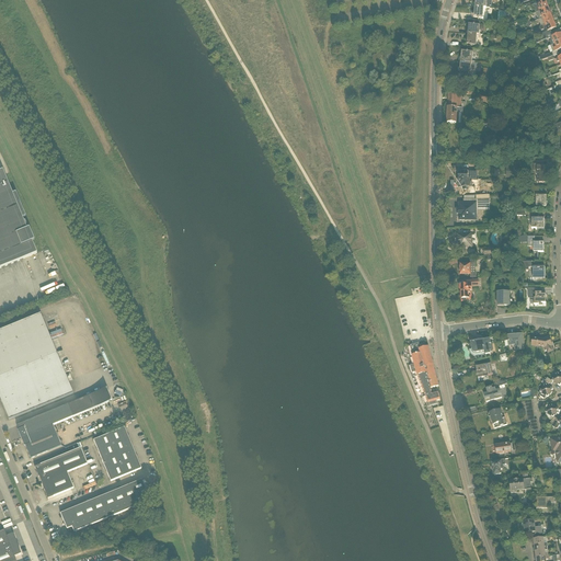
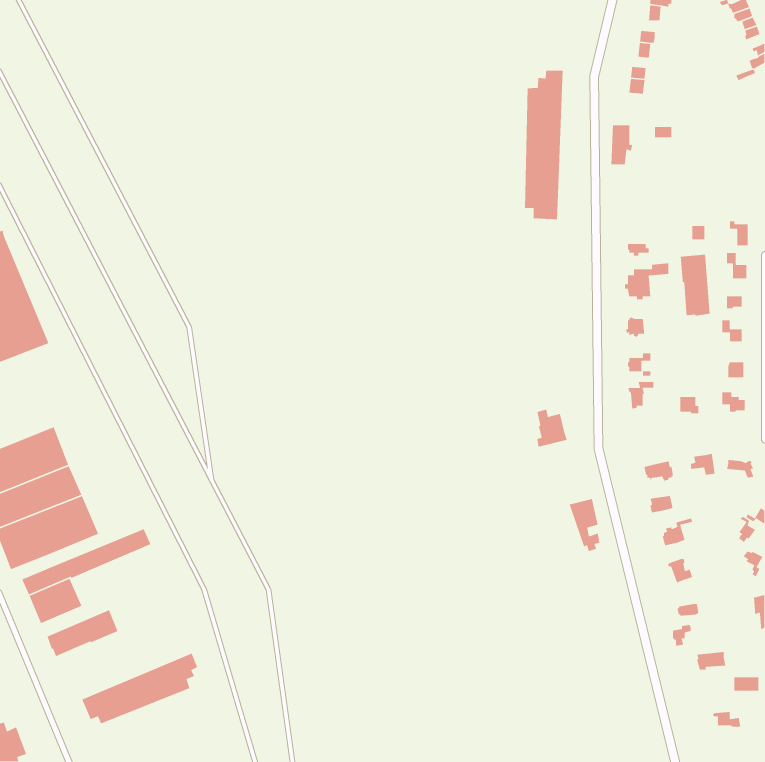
building: none -> [524,70,563,220]
building: none -> [680,254,711,316]
building: [410,341,433,369] -> [536,409,568,448]
building: [92,425,140,479] -> none
building: [41,469,72,496] -> none

